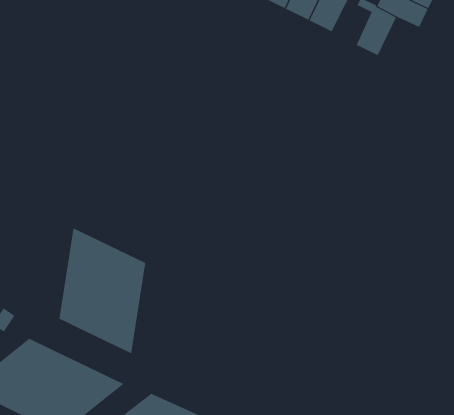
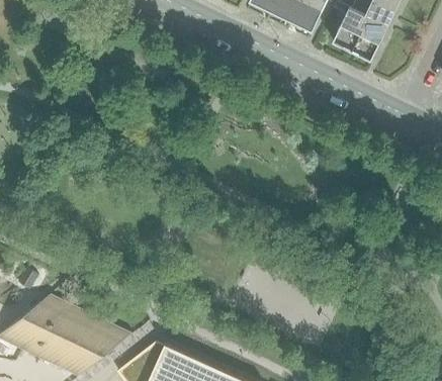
building: none -> [350,17,385,60]
building: [59,228,146,354] -> none

